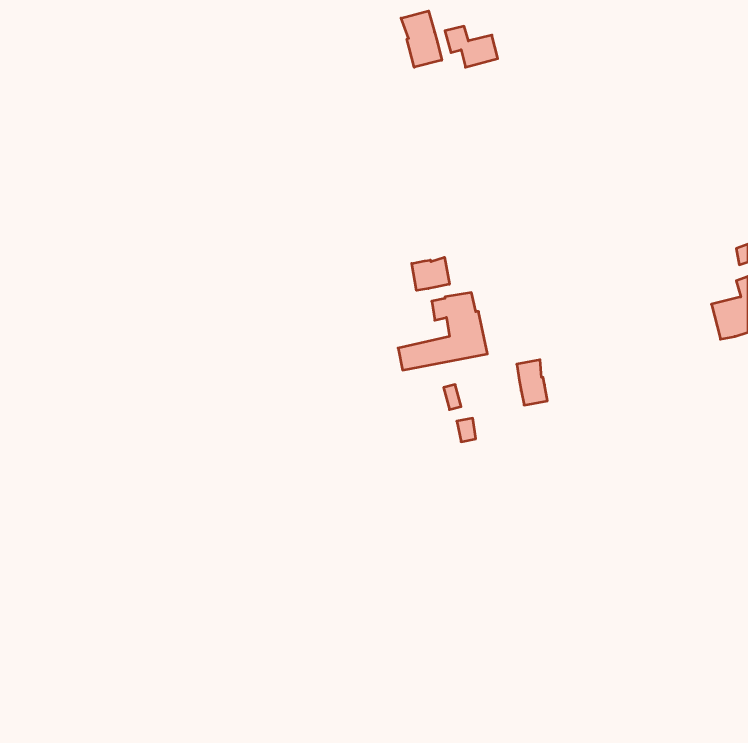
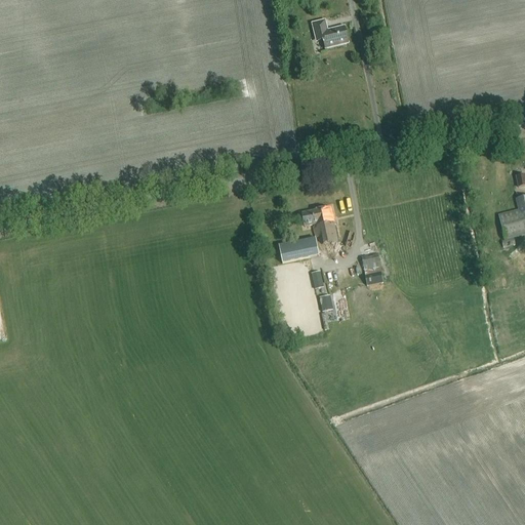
building: [401,11,442,67] -> none
building: [412,257,449,290] -> none

